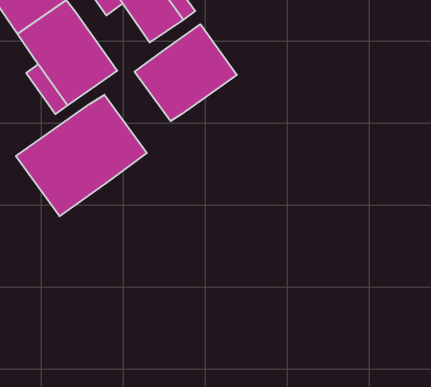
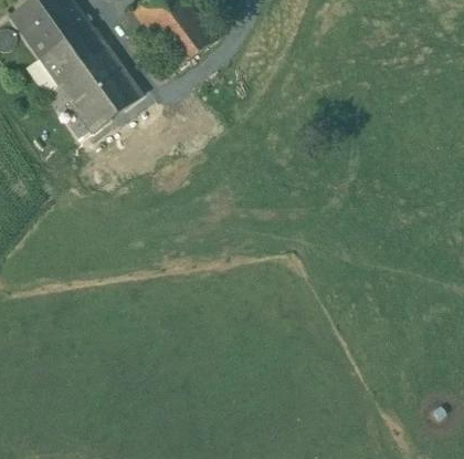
building: [135,24,237,121] -> none
building: [16,95,147,216] -> none

